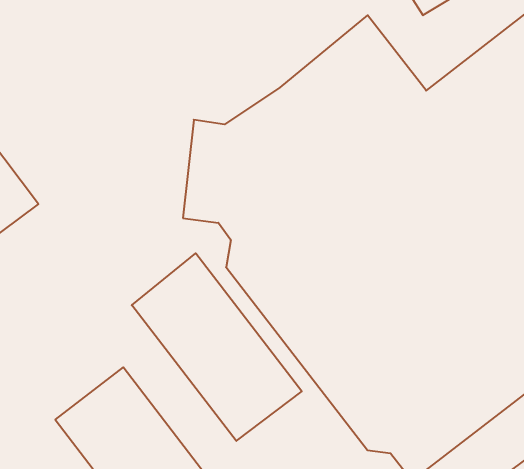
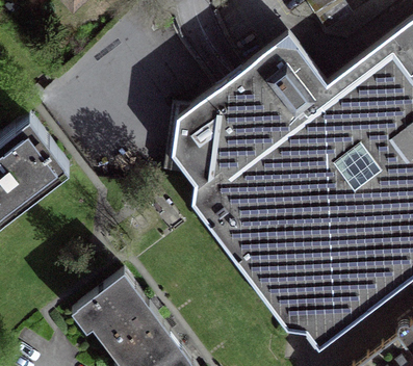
building: [132,253,302,441] -> none

